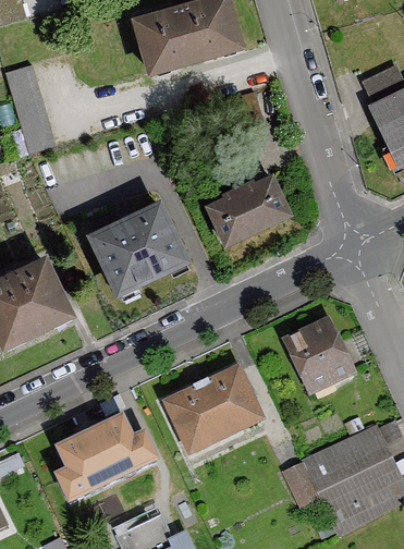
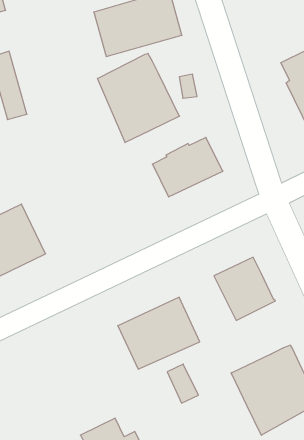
building: none -> [98,53,180,143]
building: [86,198,191,295] -> none
building: [53,415,158,505] -> none
building: [283,462,321,510] -> [167,364,198,403]

